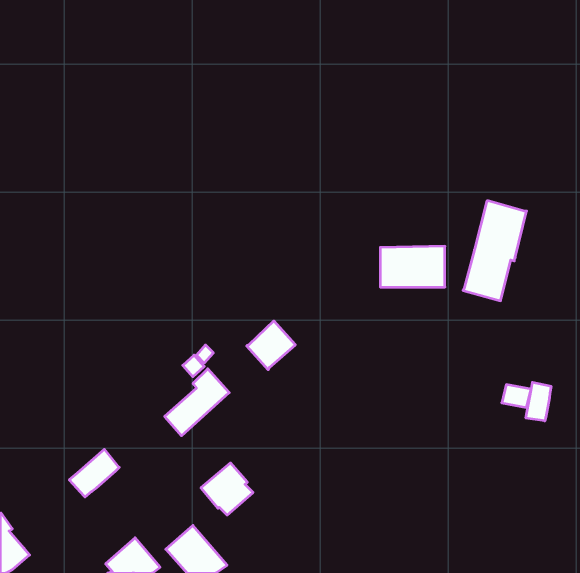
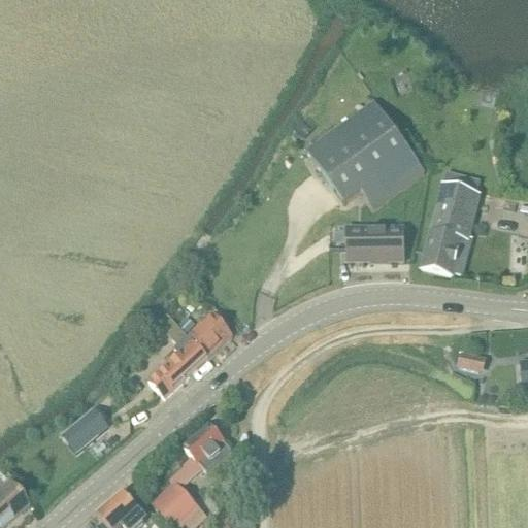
building: none -> [307,100,425,205]
building: [247,321,295,370] -> [189,312,233,357]
building: [526,382,551,421] -> none

